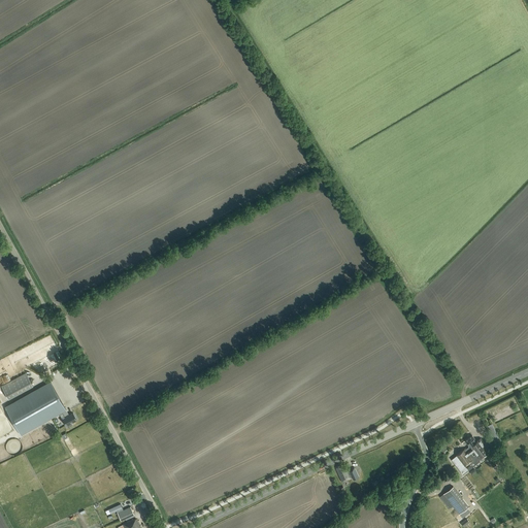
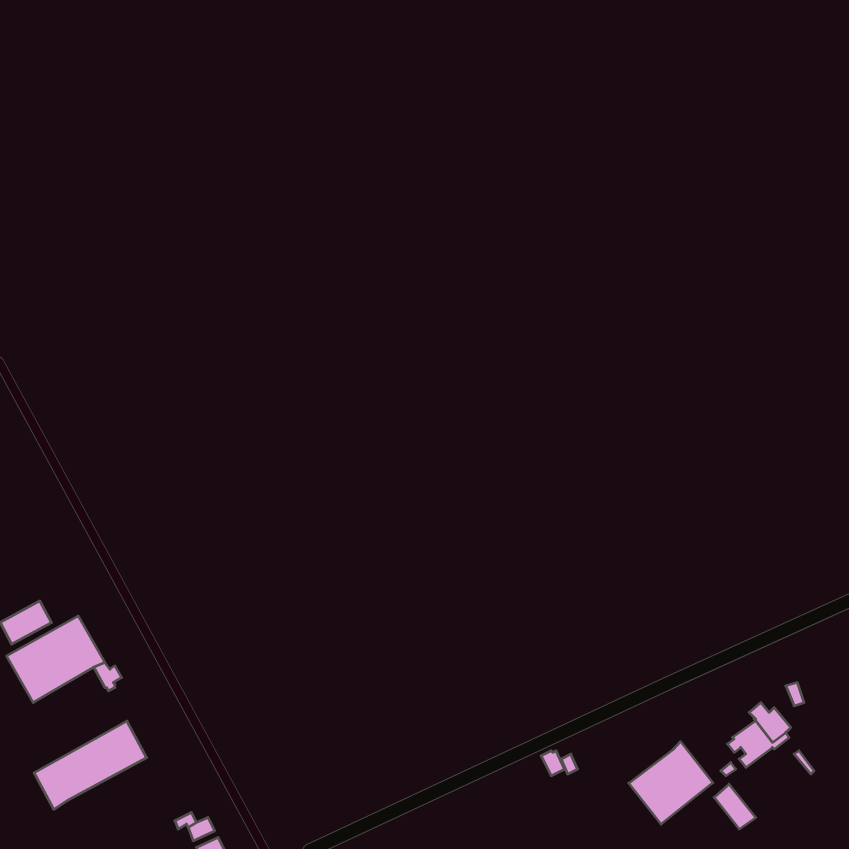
building: none -> [34,721,147,809]
building: none -> [629,742,713,824]

